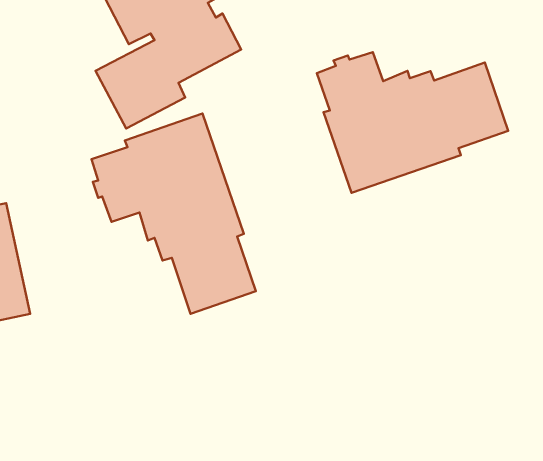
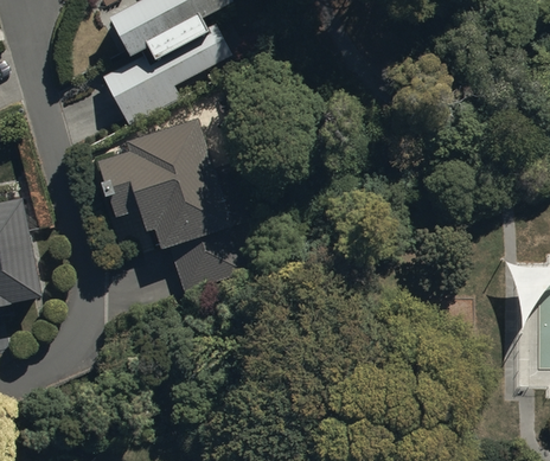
building: [317,52,508,193] -> none

